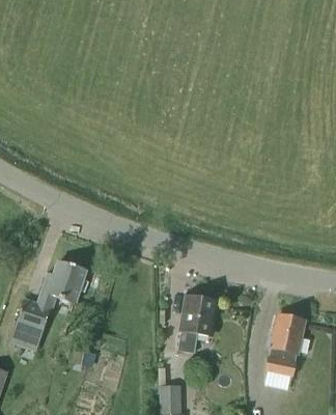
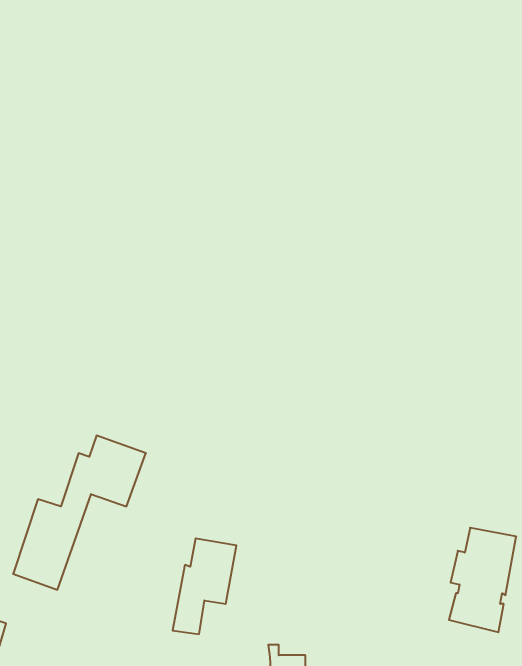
building: [178,296,216,352] -> [173,538,236,634]

